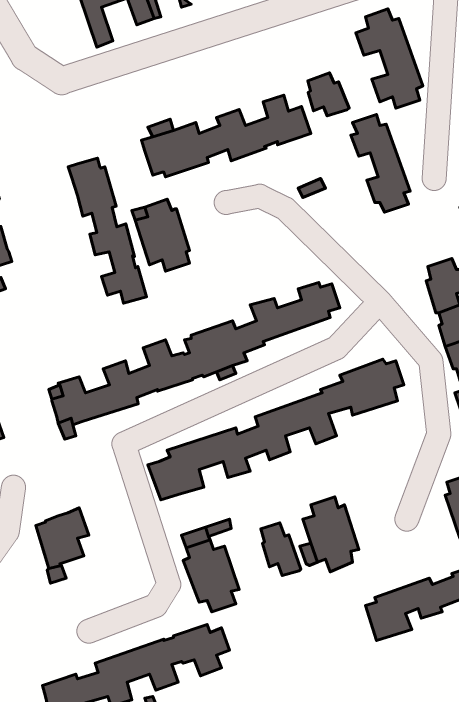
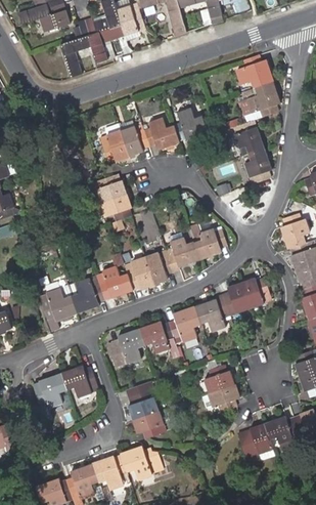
building: [308,73,349,116] -> none
building: [68,158,146,303] -> none
building: none -> [60,366,98,397]
building: [261,523,301,575] -> none

